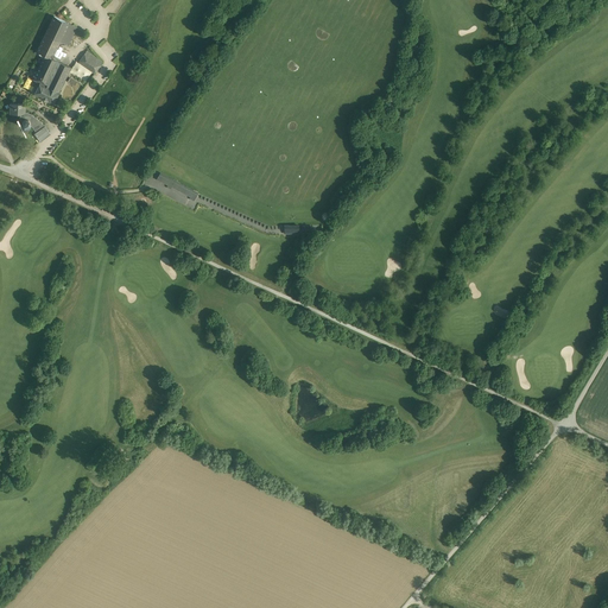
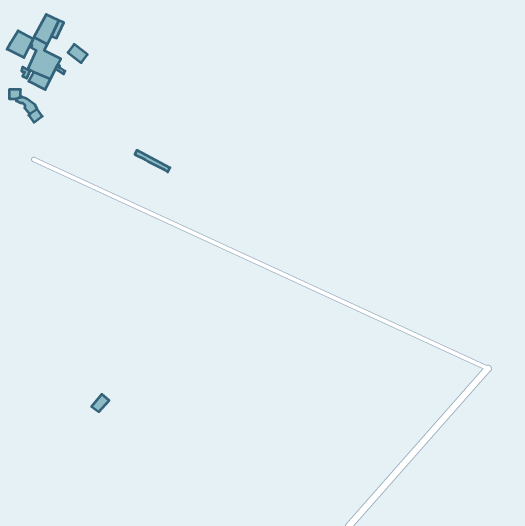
building: none -> [7,31,33,58]

